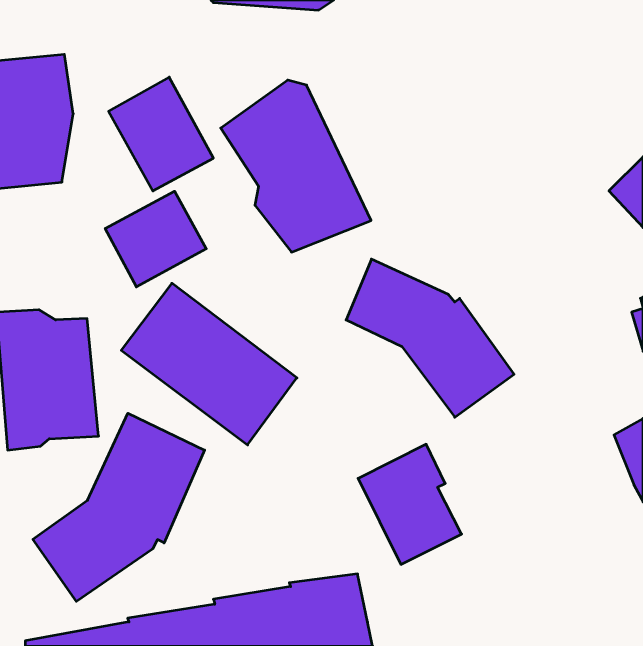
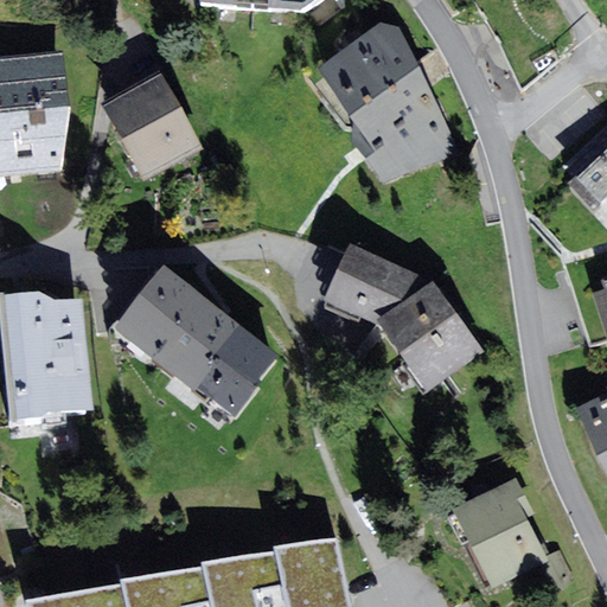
building: [221,80,371,252] -> [317,21,458,183]
building: [105,191,206,287] -> none
building: [33,413,205,601] -> none
building: [358,444,462,564] -> [451,477,548,589]

